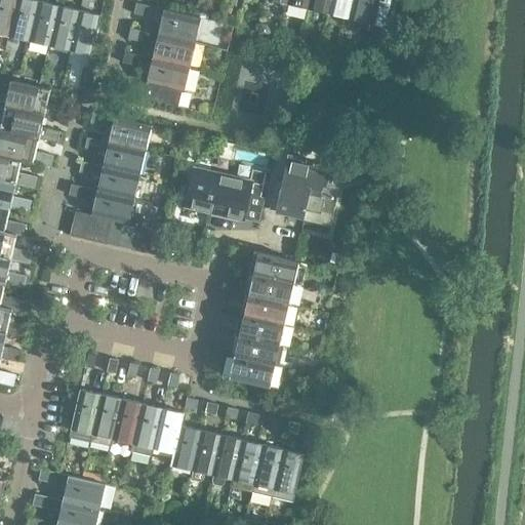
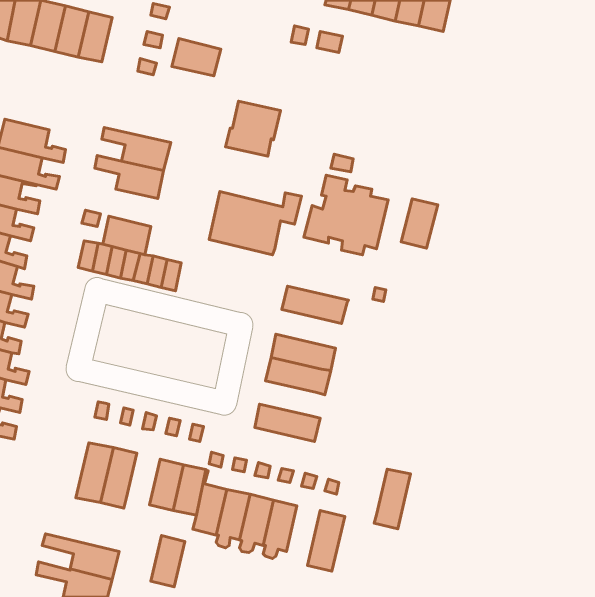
building: [157,9,199,43] -> none
building: [139,58,188,107] -> [226,101,281,156]
building: [4,80,64,118] -> none
building: [77,161,138,199] -> none
building: none -> [401,199,438,248]
building: [242,272,299,306] -> none
building: [228,334,285,367] -> none
building: [111,398,140,443] -> [151,536,185,587]
building: [249,444,281,496] -> [374,469,411,529]

